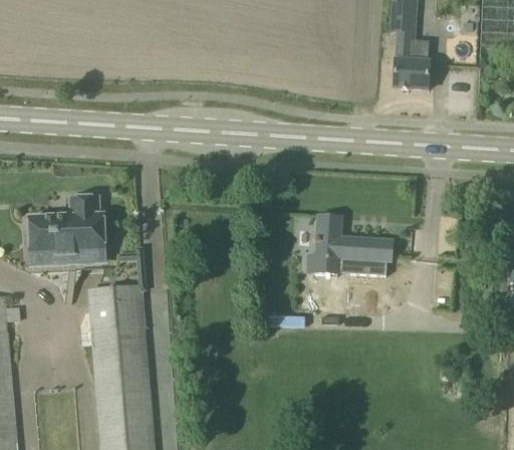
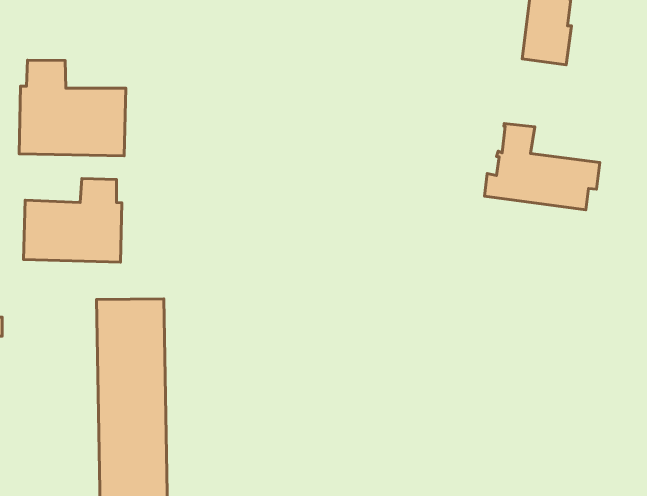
building: none -> [19,60,126,156]
building: [307,215,392,275] -> [484,123,600,210]

